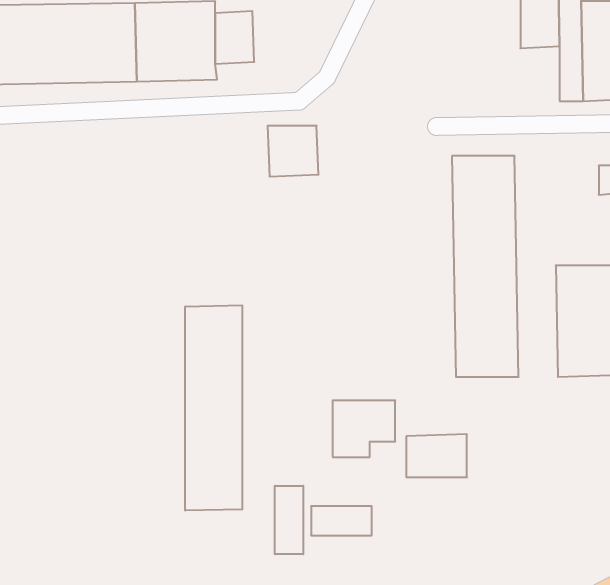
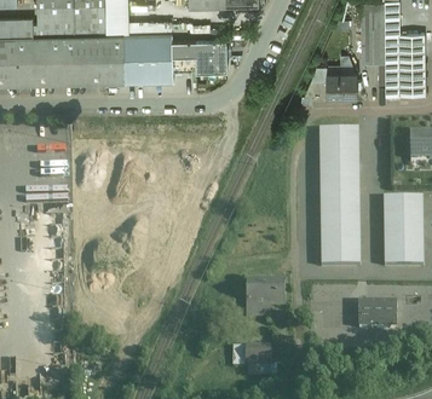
building: none -> [326,71,357,96]
building: [268,126,319,177] -> [195,39,226,70]
building: [185,305,242,511] -> none
building: [406,434,467,477] -> [357,300,394,326]
building: [275,486,303,554] -> none

